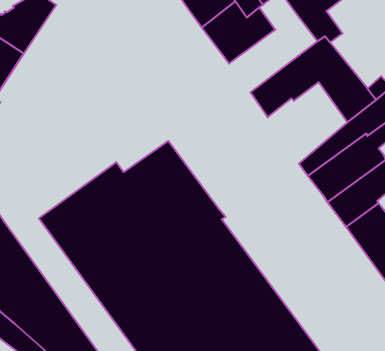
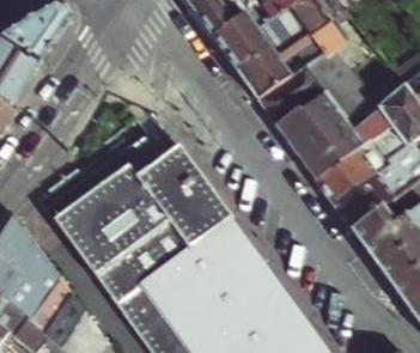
building: none -> [238,24,323,99]
building: none -> [274,90,352,168]

